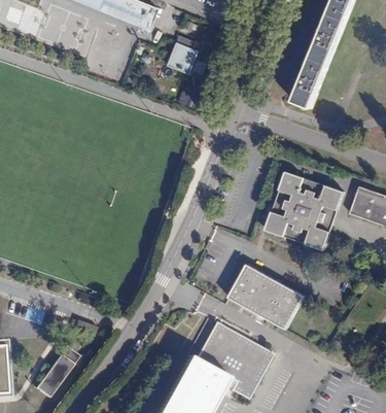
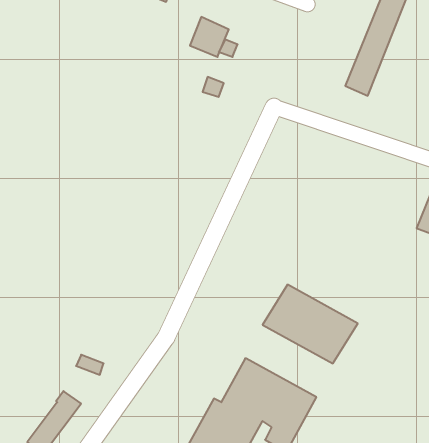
building: [271,172,349,251] -> none

